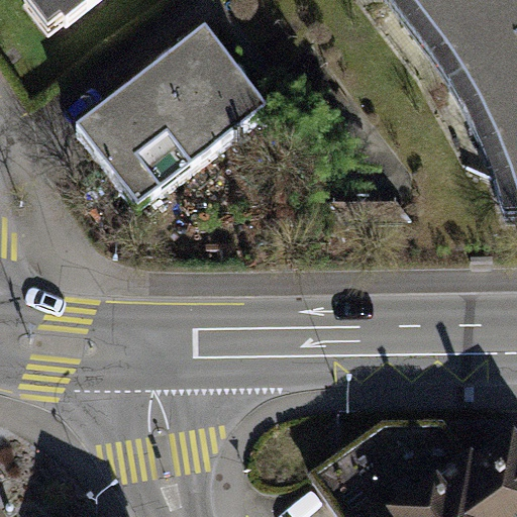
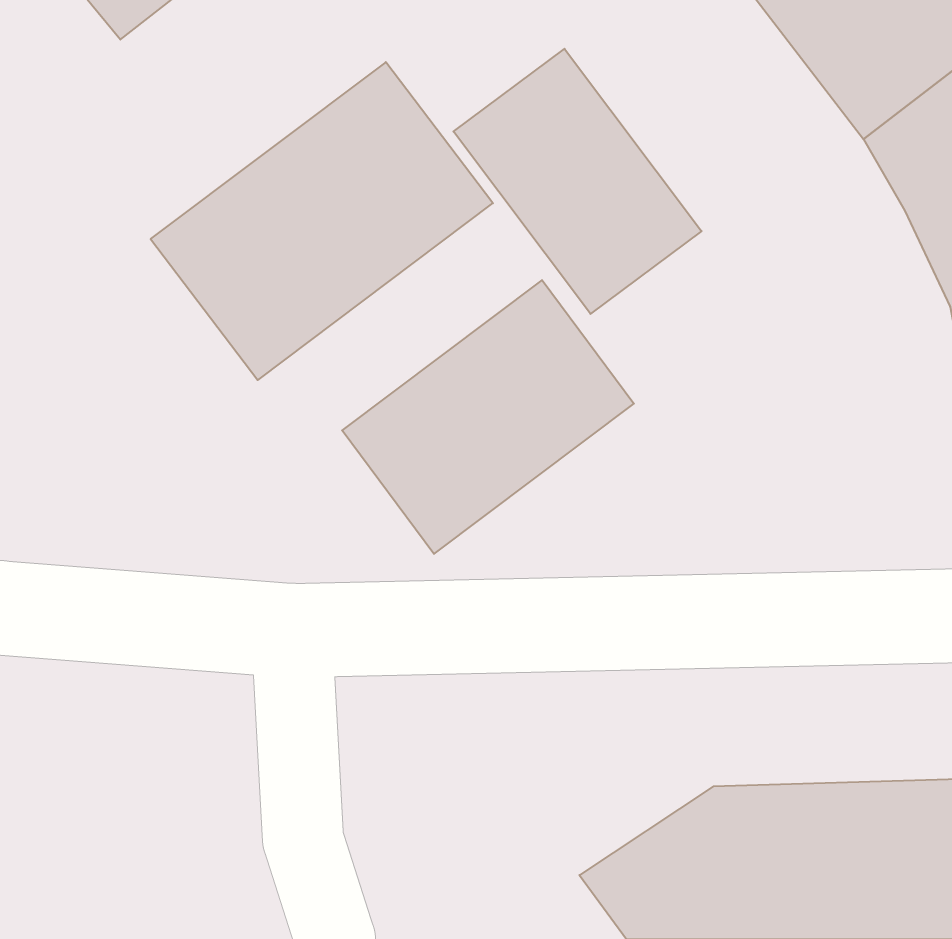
building: none -> [453,49,702,314]
building: none -> [342,280,634,554]

